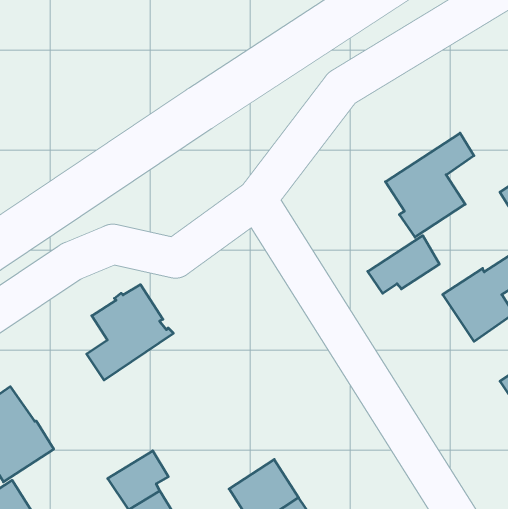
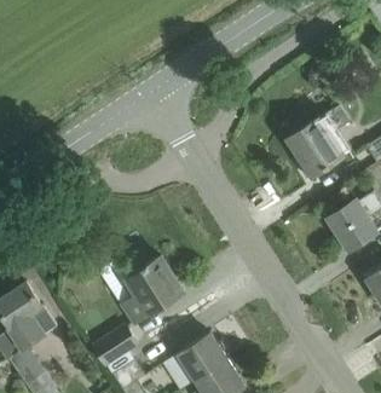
building: [368,236,439,293] -> none
building: [87,285,173,380] -> [123,256,184,323]

